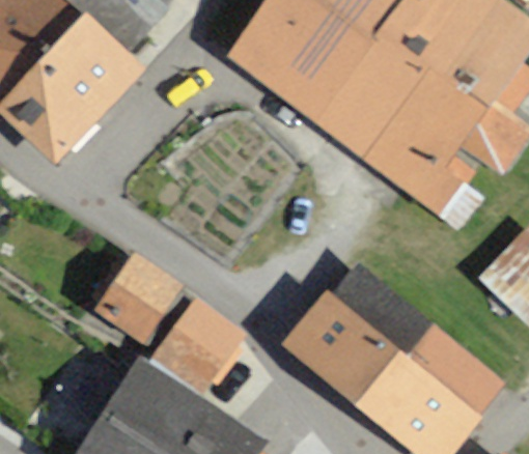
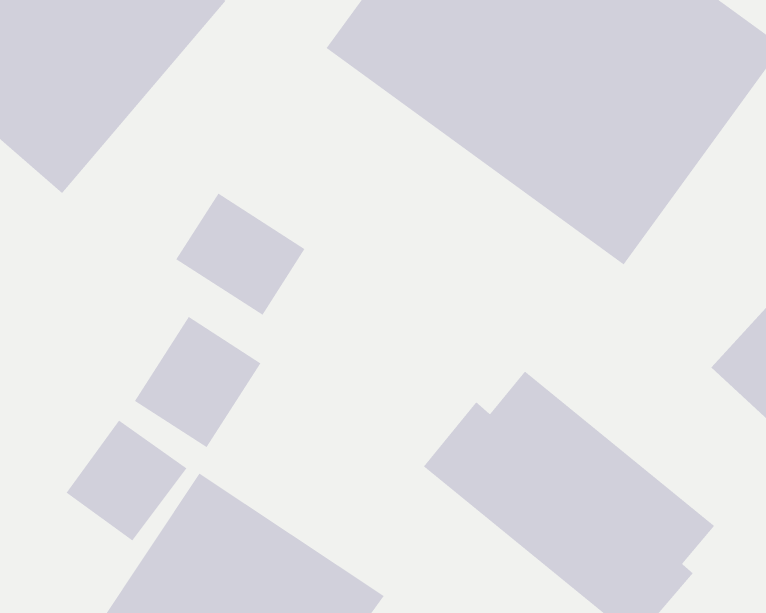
building: none -> [175,193,306,316]
building: [162,294,245,377] -> [66,420,187,541]

